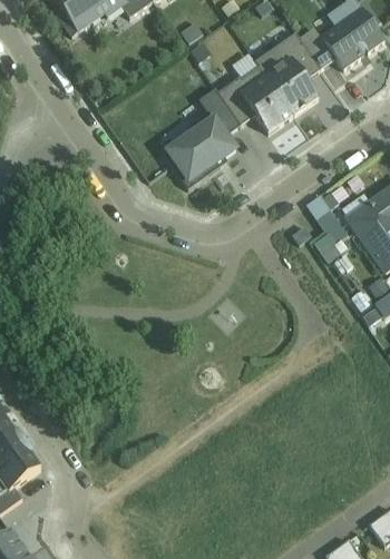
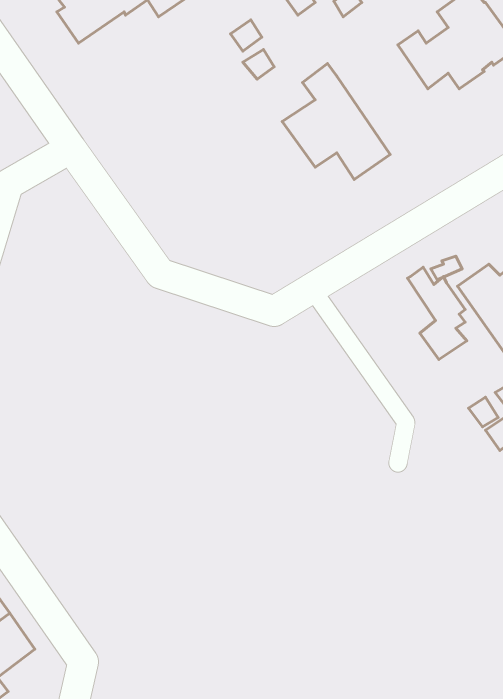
building: [256,32,321,116] -> none
building: [164,89,241,189] -> none

